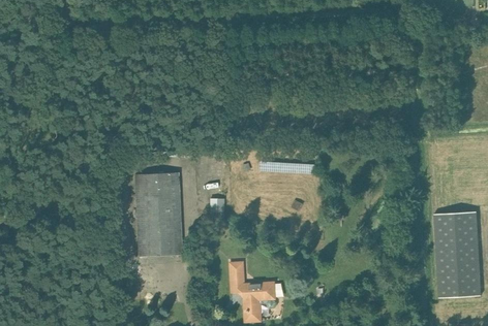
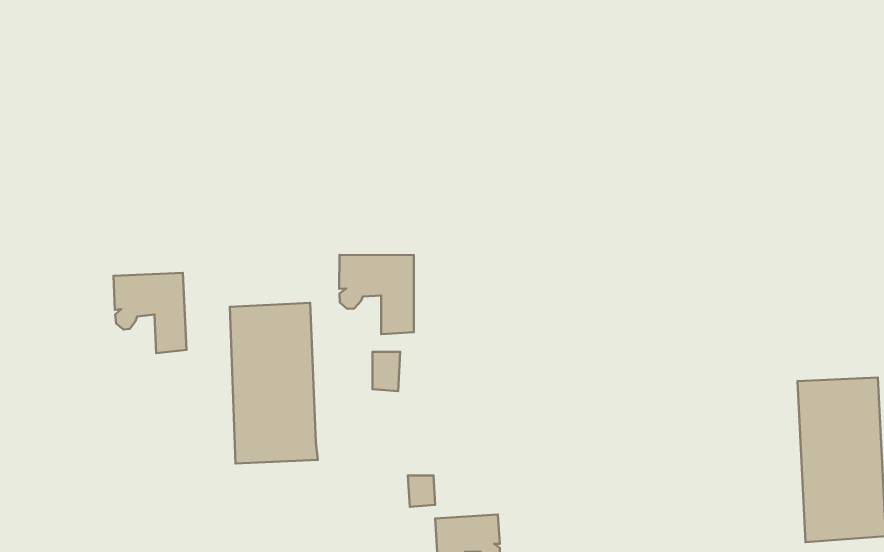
building: none -> [339,255,414,334]
building: none -> [113,273,186,353]

